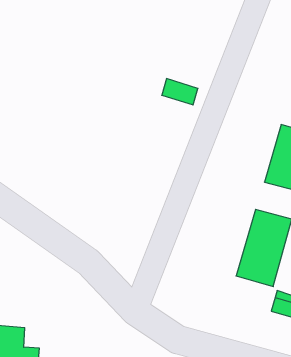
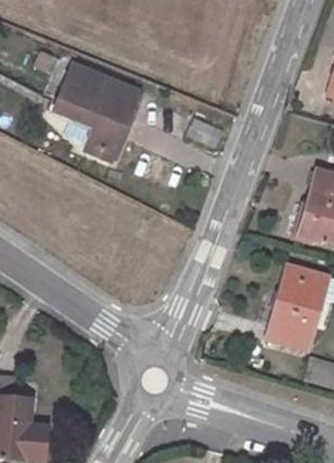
building: none -> [55,66,139,159]

